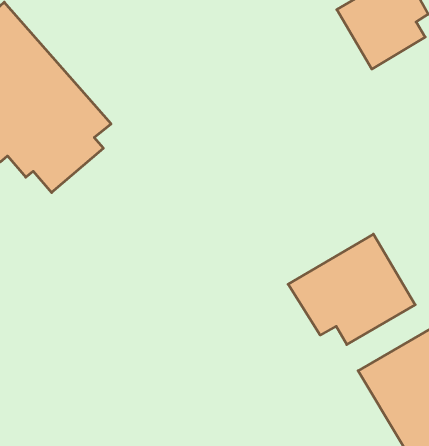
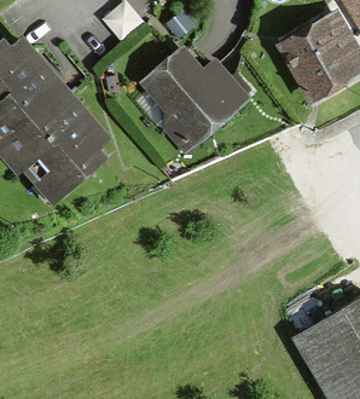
building: none -> [145,58,240,145]
building: [288,234,415,345] -> none

